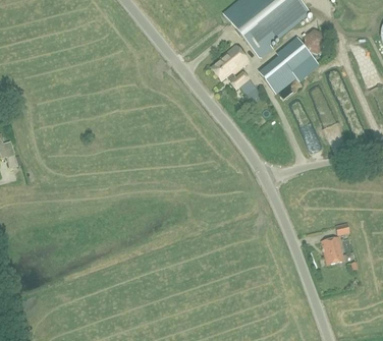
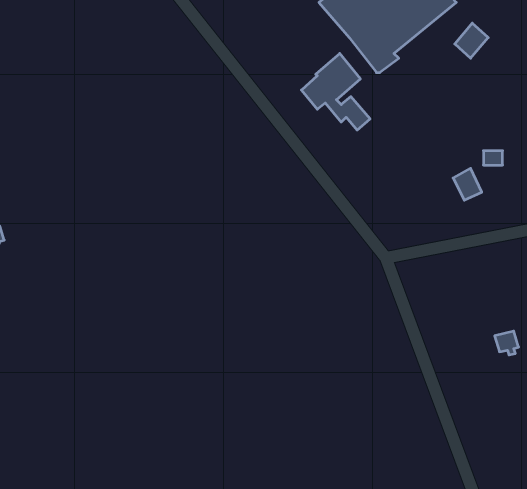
building: [260,37,318,93] -> none
building: [321,236,344,264] -> none

